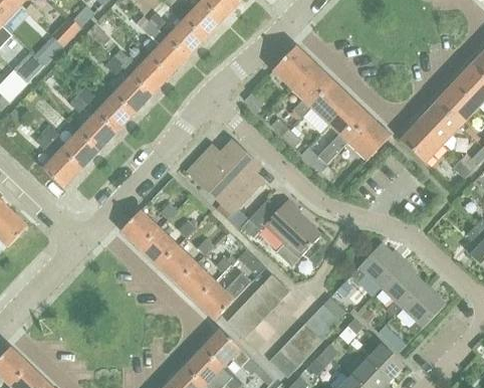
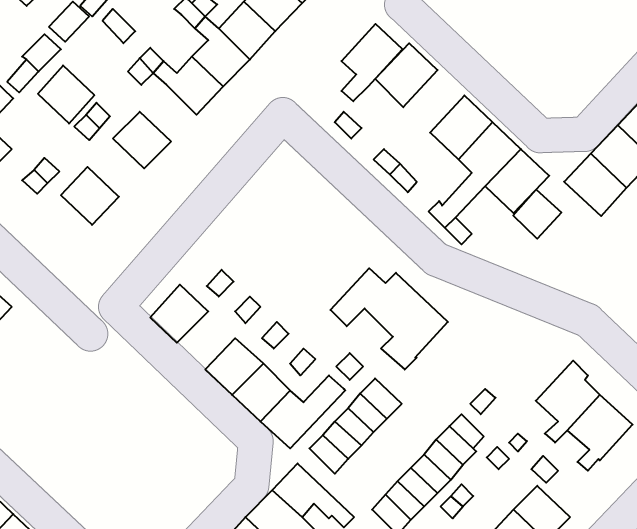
building: [291,64,332,117] -> [341,24,402,101]
building: [113,74,152,113] -> none
building: [78,111,116,150] -> [38,65,94,124]
building: [188,144,263,219] -> none
building: none -> [513,190,561,239]
building: [42,149,81,188] -> none
building: [139,227,178,266] -> none
building: [350,242,406,287] -> none

